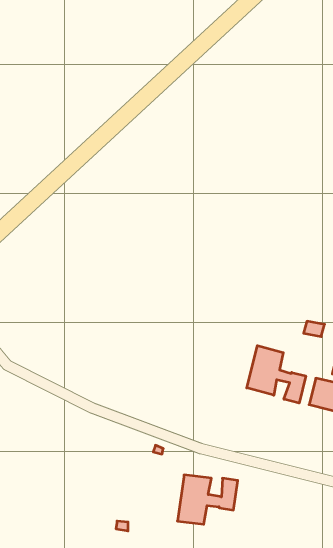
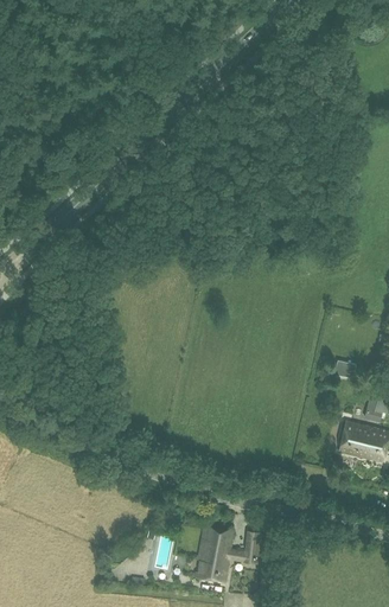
building: [247,346,306,403] -> none

